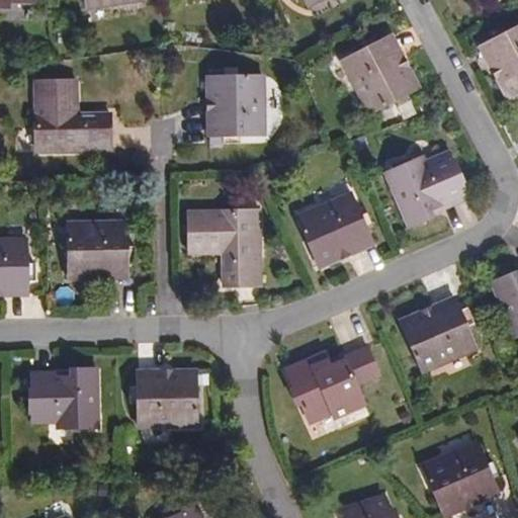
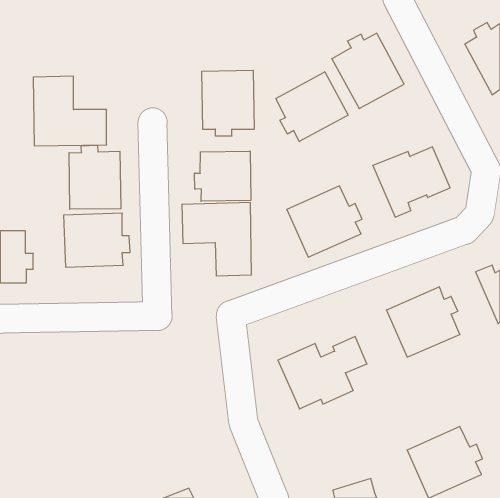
building: none -> [276,72,348,142]
building: none -> [69,145,121,209]
building: none -> [195,151,251,201]
building: [32,367,97,426] -> none
building: [128,369,197,425] -> none

